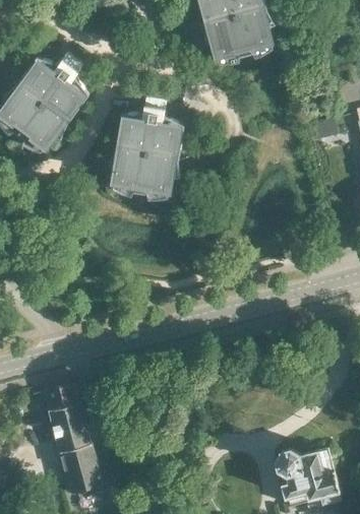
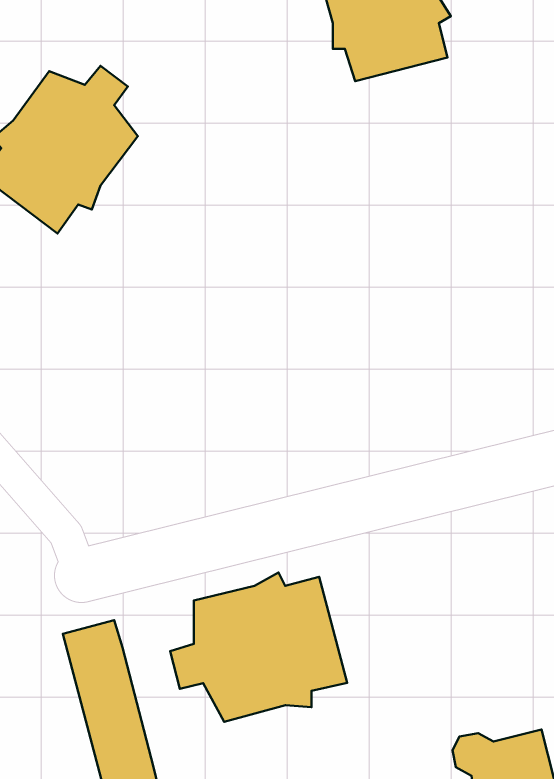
building: [108,98,185,197] -> none
building: none -> [170,572,347,722]

